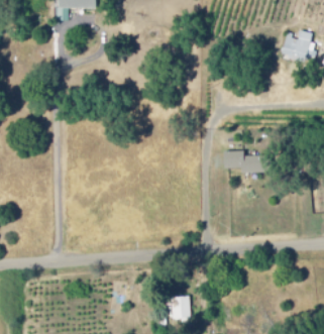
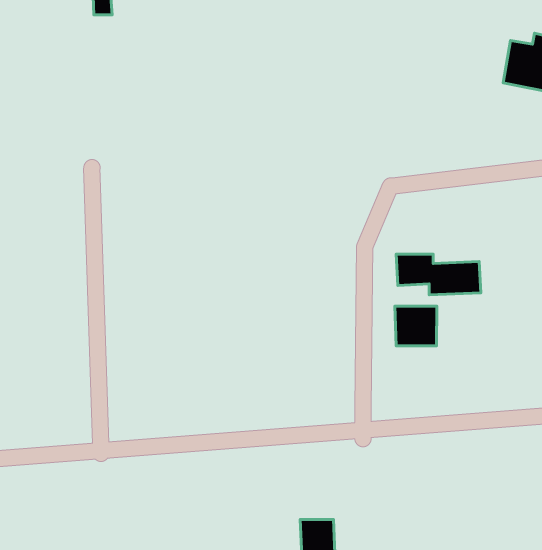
building: none -> [395,306,437,346]

